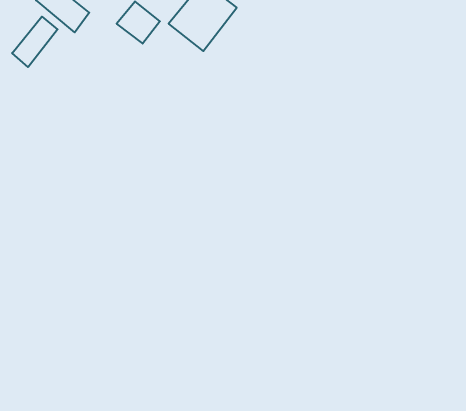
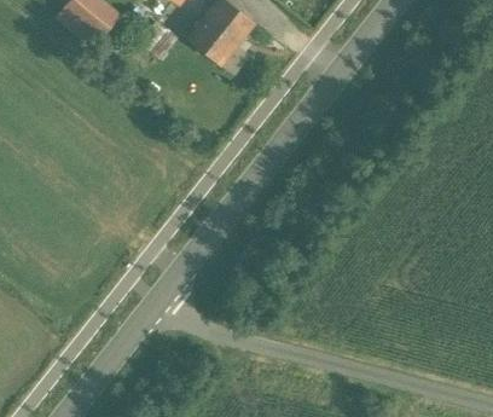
building: [12,17,58,67] -> none

